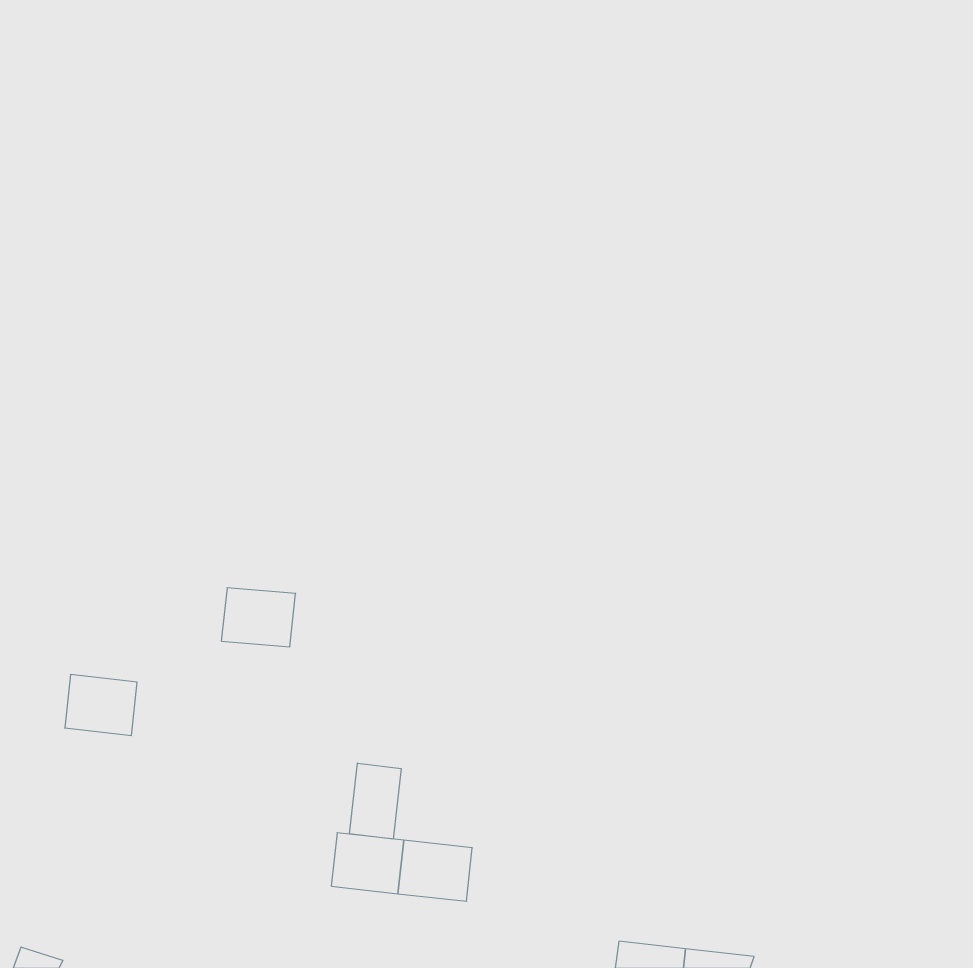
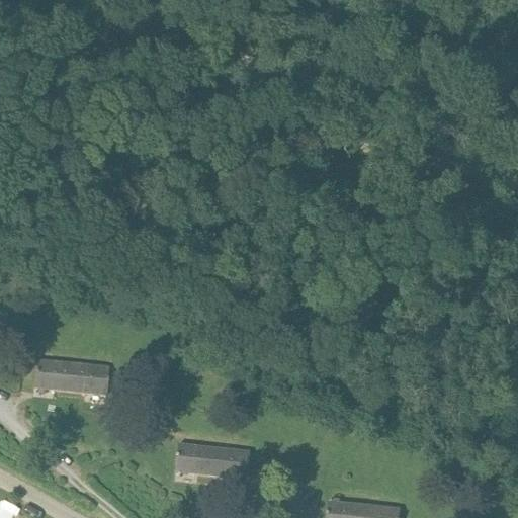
building: [221,588,296,647] -> [70,362,109,394]
building: [349,763,401,839] -> none

